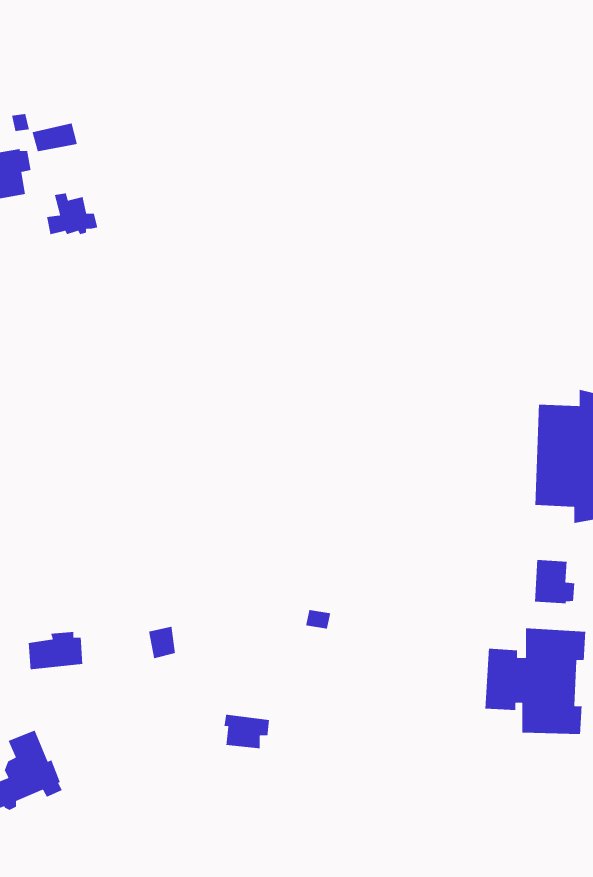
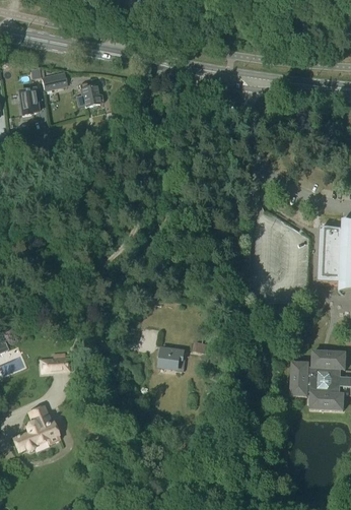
building: [46,193,98,235] -> [75,82,103,106]
building: [534,559,575,604] -> none
building: [224,714,270,749] -> [158,346,184,366]

